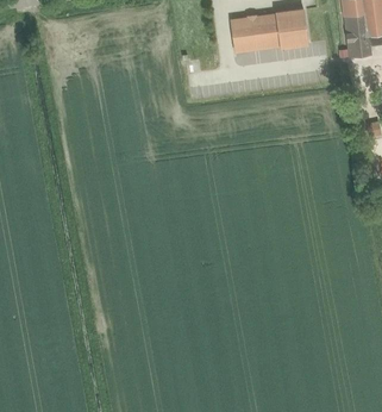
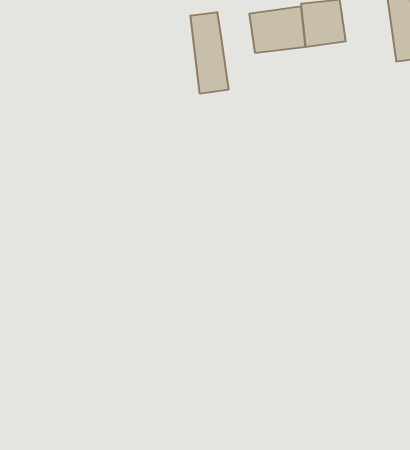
building: none -> [190,12,228,94]

